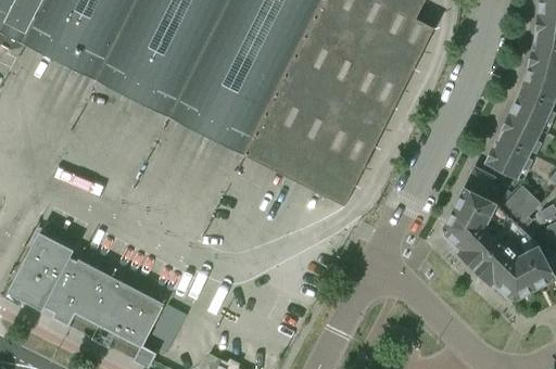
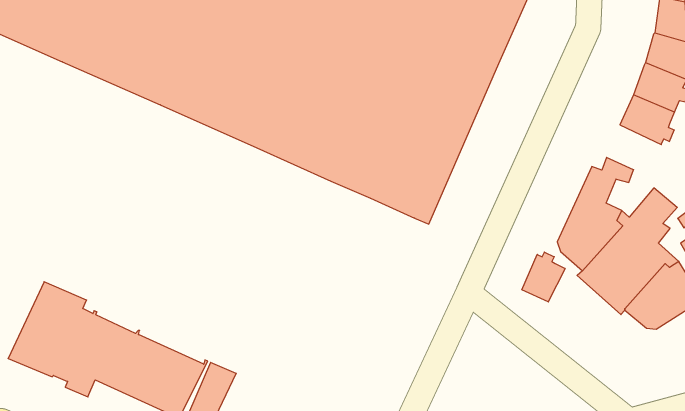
building: [486,137,532,178] -> none
building: none -> [522,252,565,302]

